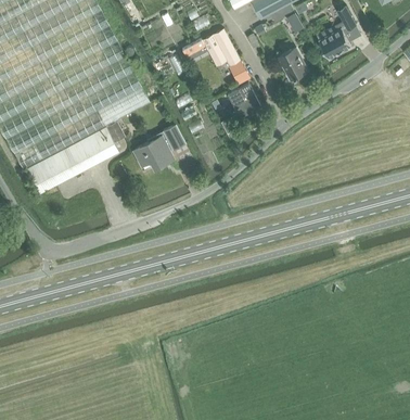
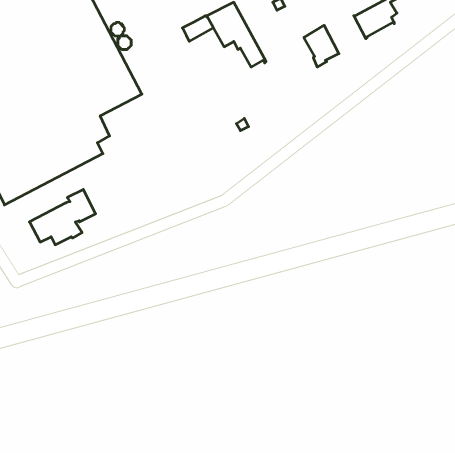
building: [226,84,260,118] -> none
building: [131,124,184,168] -> [29,189,96,245]

